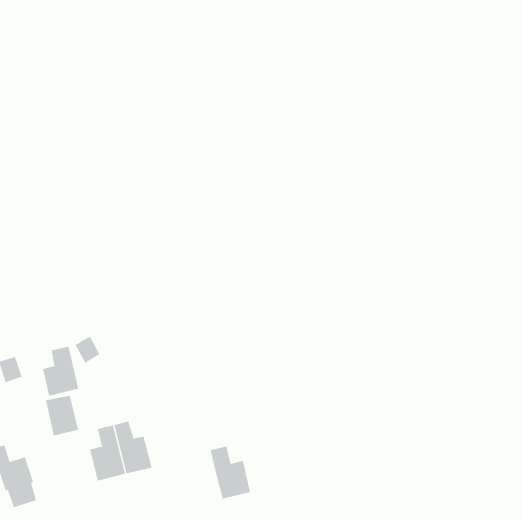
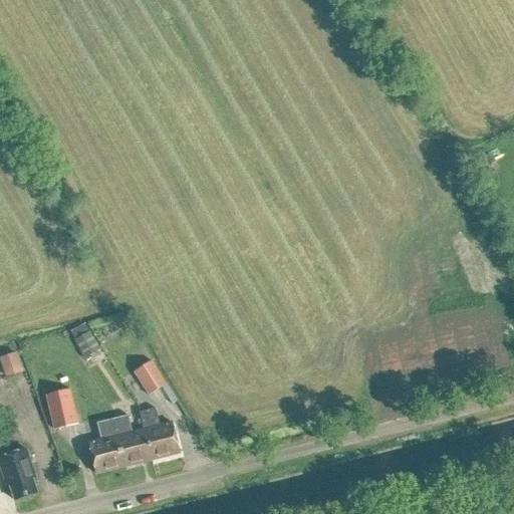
building: [43,346,79,397] -> none
building: none -> [133,358,165,393]
building: [210,446,251,499] -> [138,407,178,459]

